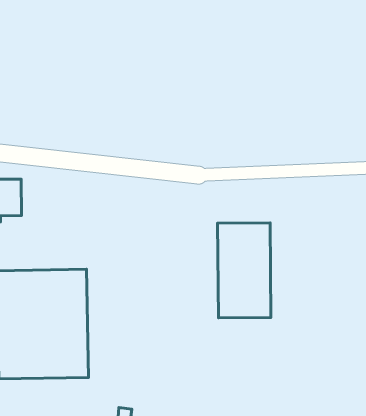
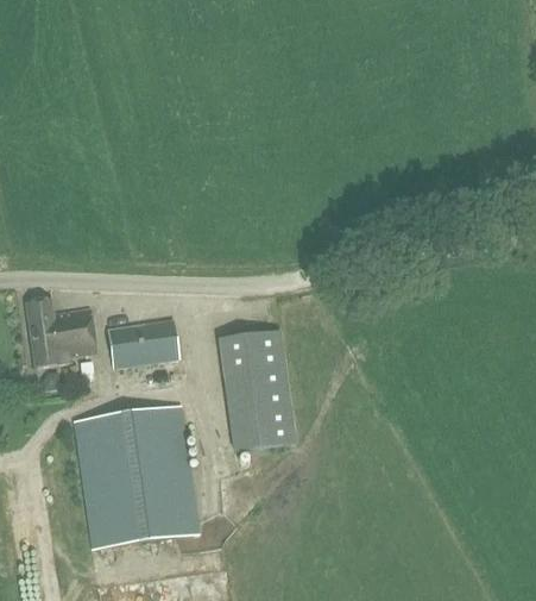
building: none -> [108,319,178,367]
building: [218,223,271,318] -> [217,330,295,450]

